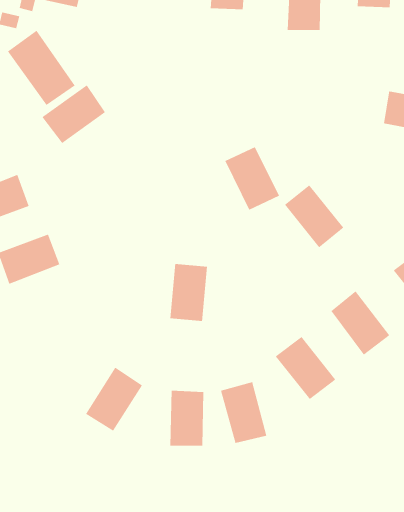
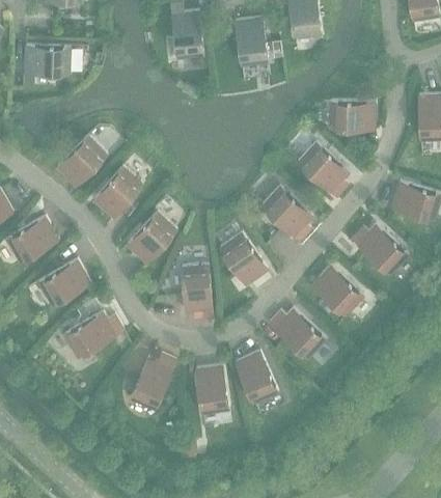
building: [7,30,75,106] -> none
building: none -> [93,167,143,219]
building: none -> [298,142,349,193]
building: [224,147,280,210] -> [219,233,268,285]
building: none -> [127,213,176,264]
building: none -> [63,312,116,358]

